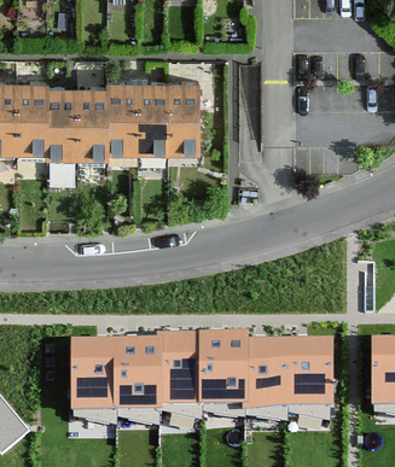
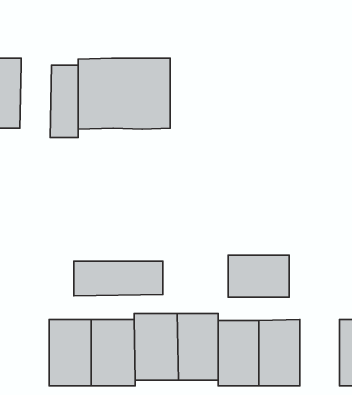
building: [41,77,74,152] -> none
building: none -> [228,255,289,297]
building: none -> [74,261,163,296]

